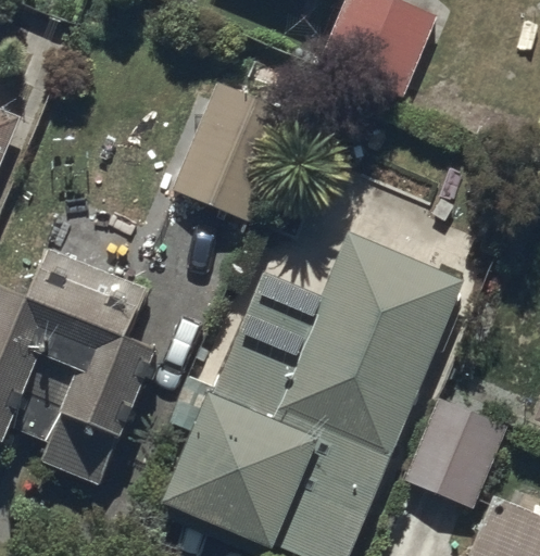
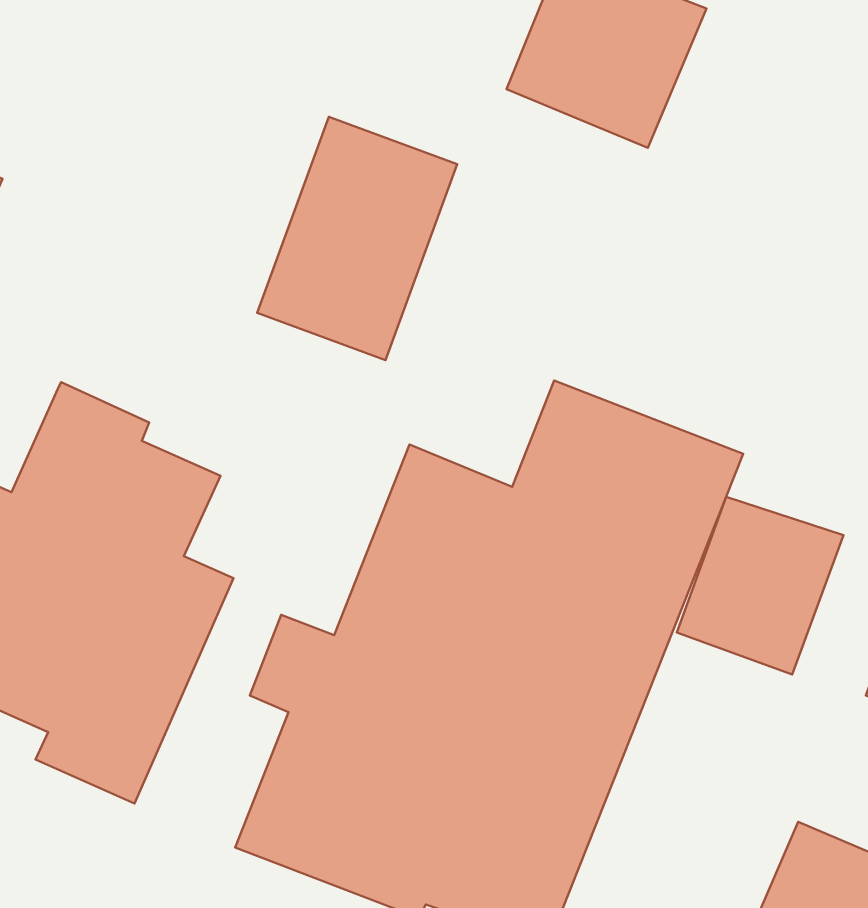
building: [406,400,505,505] -> [677,497,844,675]

